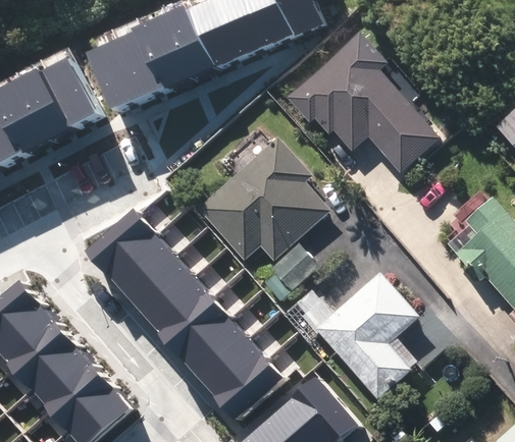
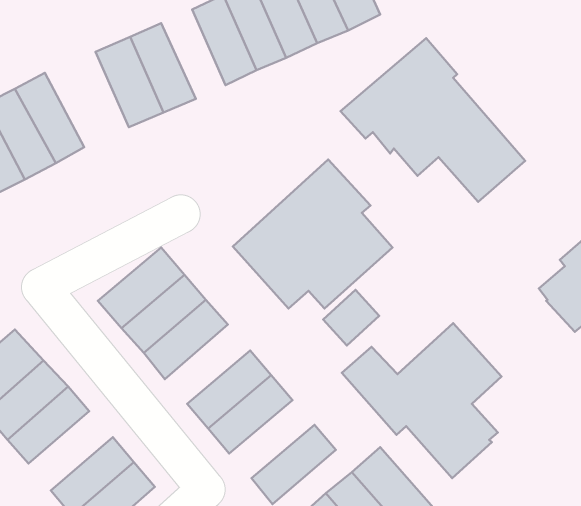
building: [140,15,193,89] -> none
building: [44,53,104,128] -> none
building: [143,274,213,339] -> none
building: [196,336,266,400] -> none
building: [31,345,100,410] -> none

